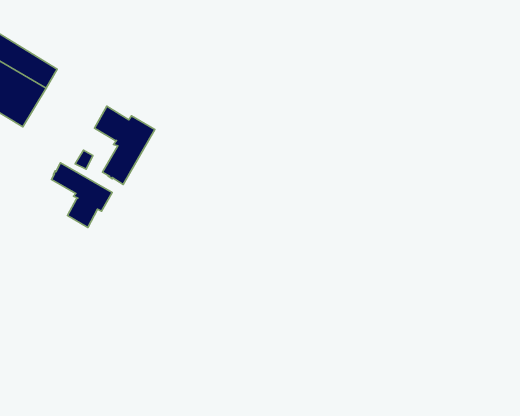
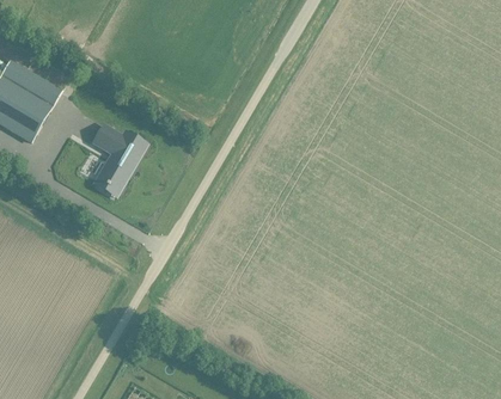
building: [51,163,112,227] -> none

